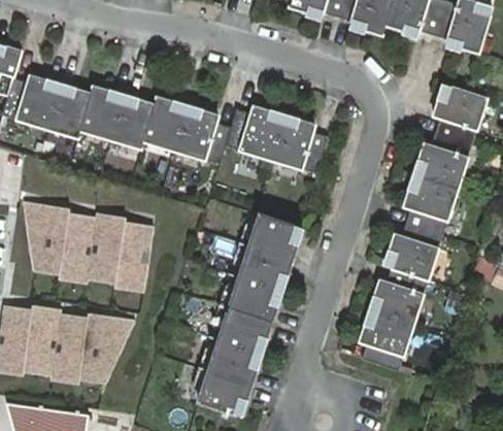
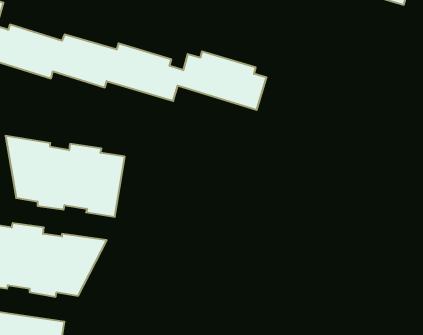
building: [361,82,485,369] -> none
building: [200,214,297,413] -> none

